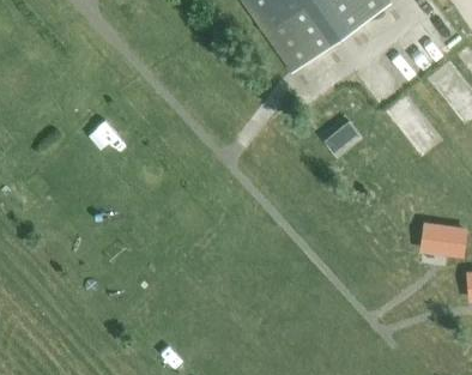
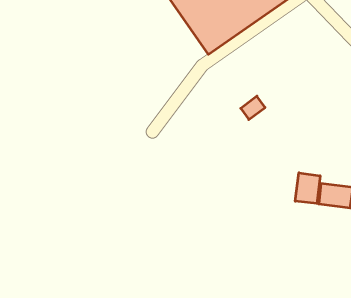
building: none -> [295,173,320,203]

